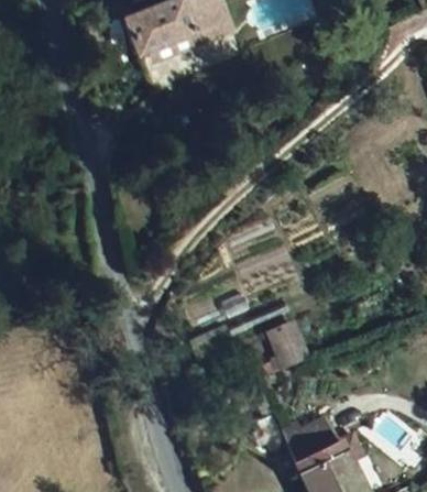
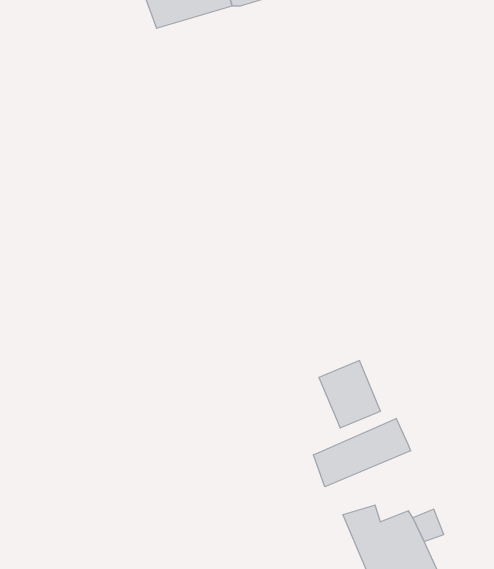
building: none -> [313,418,411,487]

